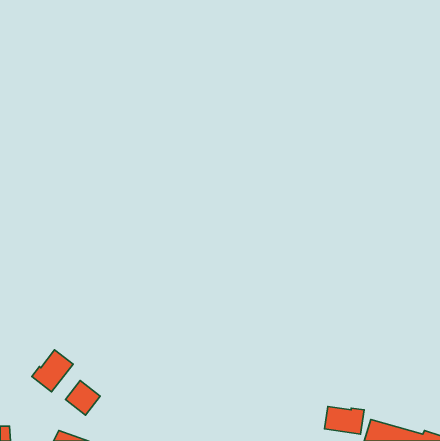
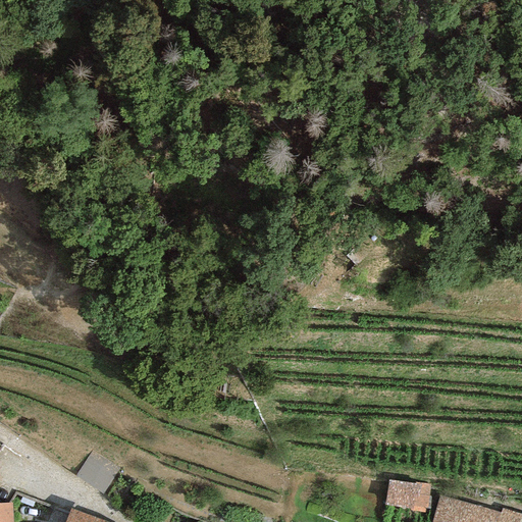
building: [32,350,73,392] -> none

